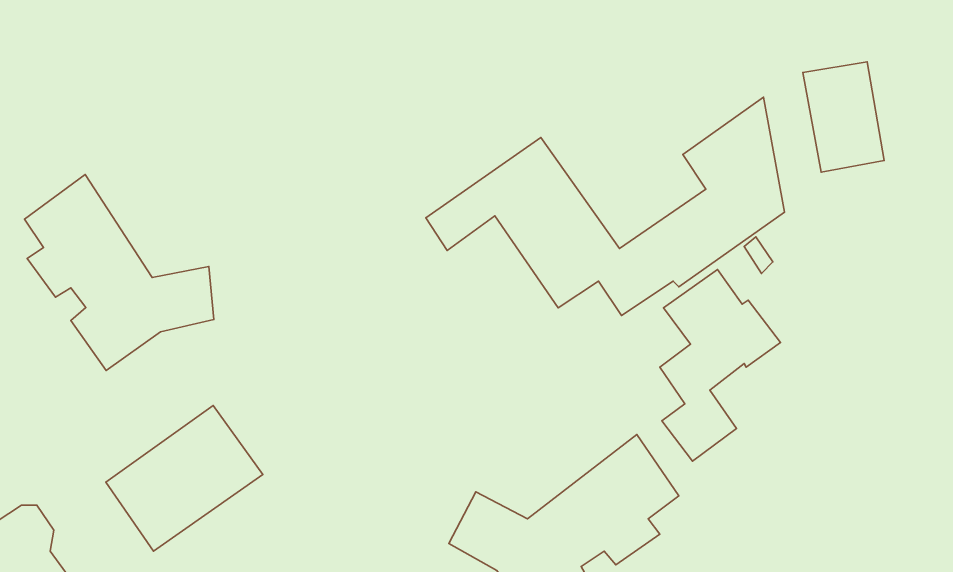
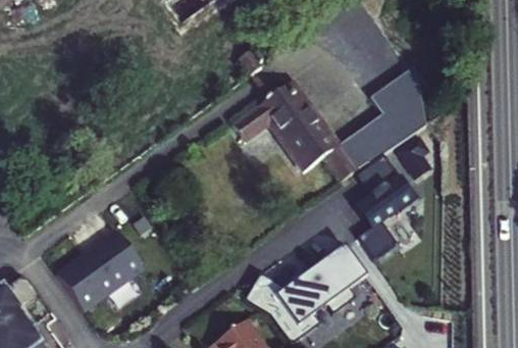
building: [803,62,884,172] -> none
building: [24,175,214,371] -> none

